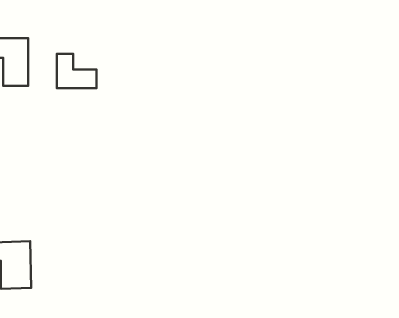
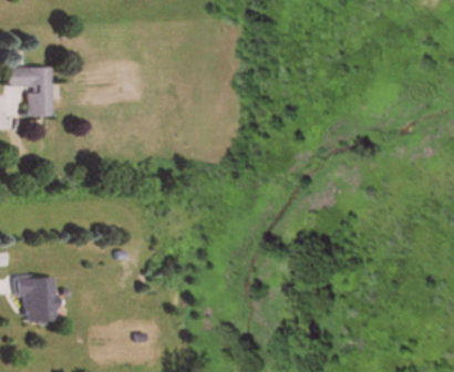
building: [57,54,96,88] -> none

